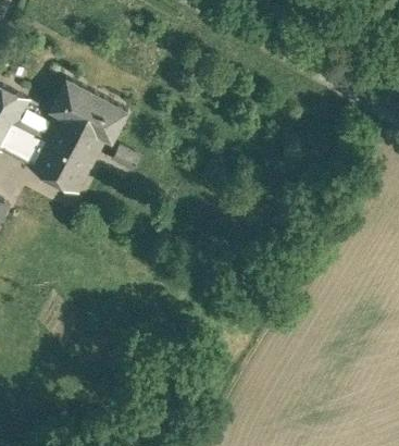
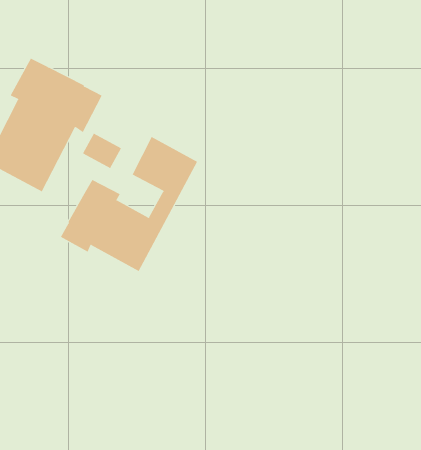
building: none -> [60,136,198,272]

